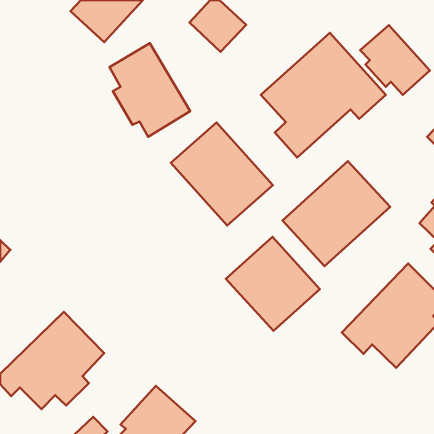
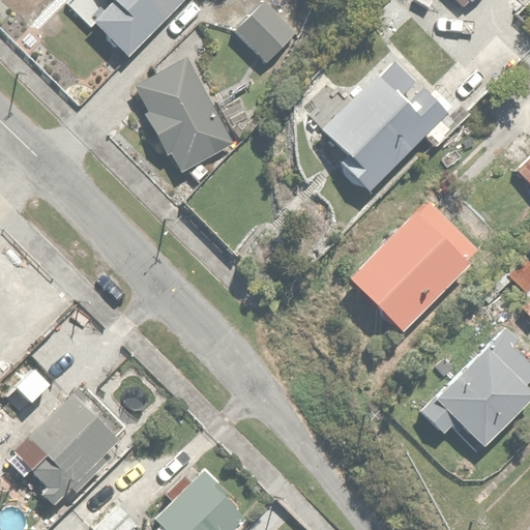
building: [360,25,430,95] -> none
building: [171,122,273,226] -> none
building: [226,237,320,331] -> none

